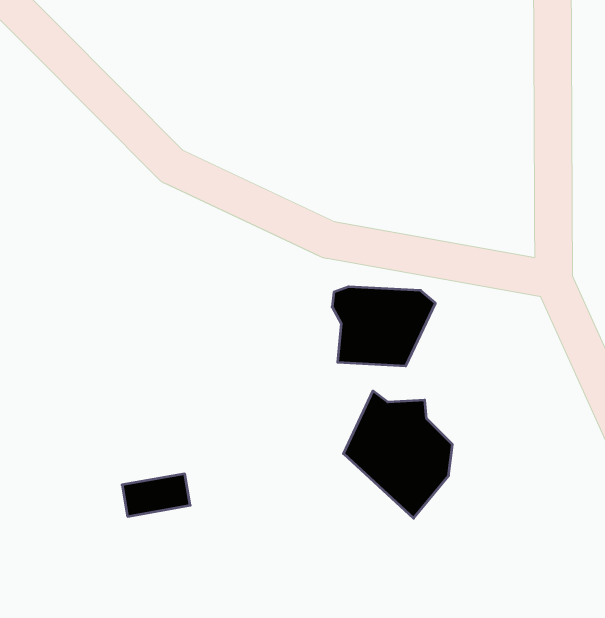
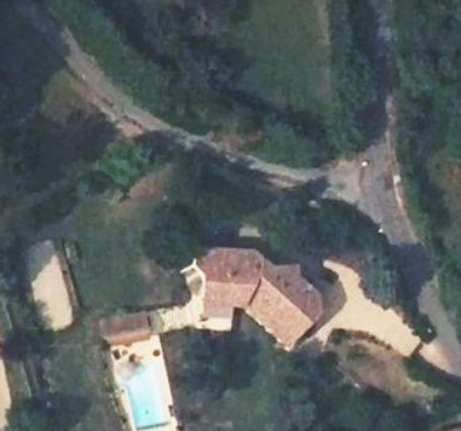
building: [332,287,435,366] -> [200,251,267,303]

